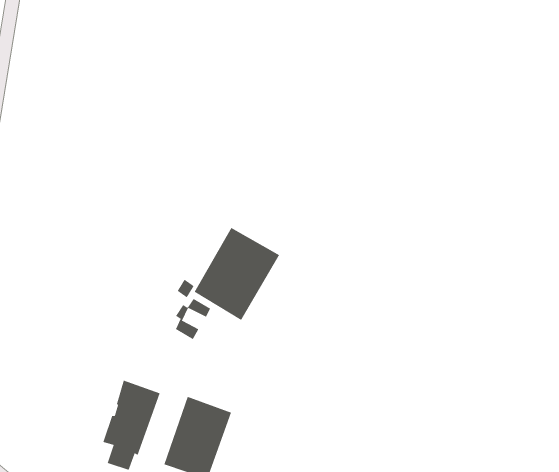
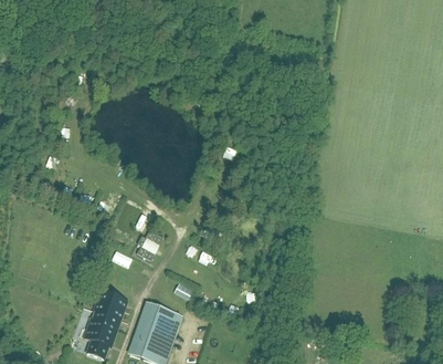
building: [194,227,280,321] -> none

